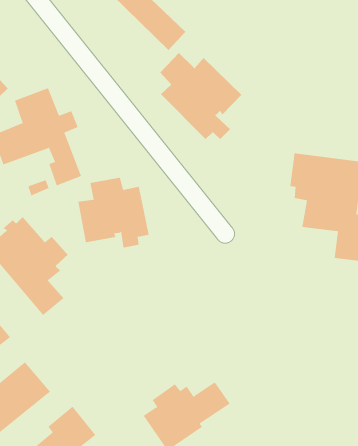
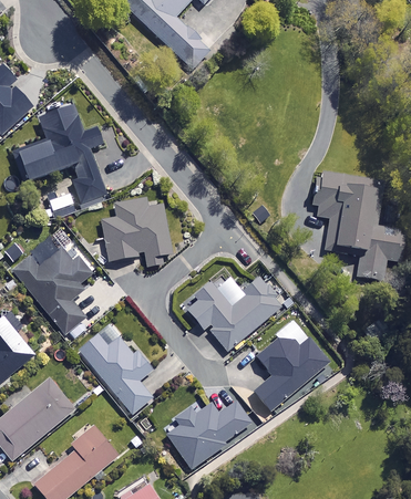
building: [159,52,242,140] -> none
building: none -> [183,277,281,351]
building: none -> [76,333,153,414]
building: none -> [254,339,328,417]

